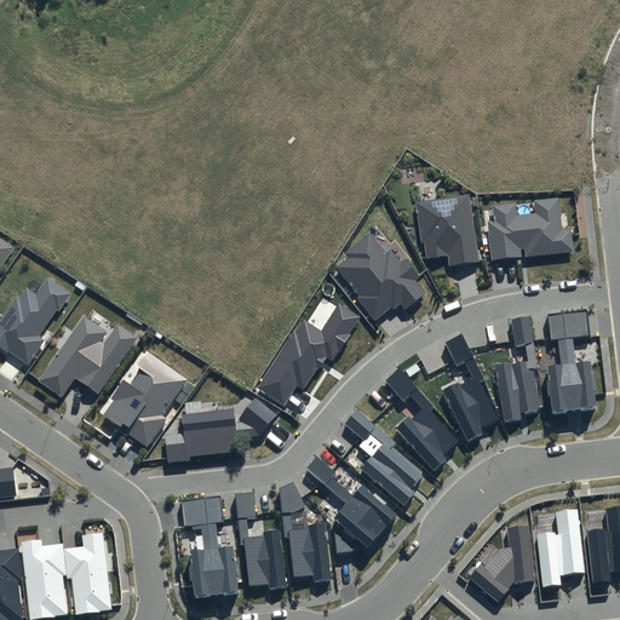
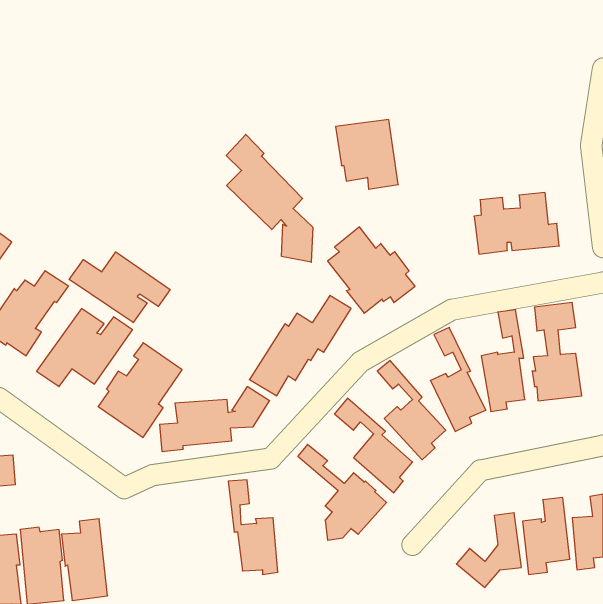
building: none -> [226,134,313,262]
building: [414,195,478,266] -> [336,120,398,189]
building: none -> [69,252,170,323]
building: [279,482,329,582] -> none
building: [179,495,237,595] -> none

